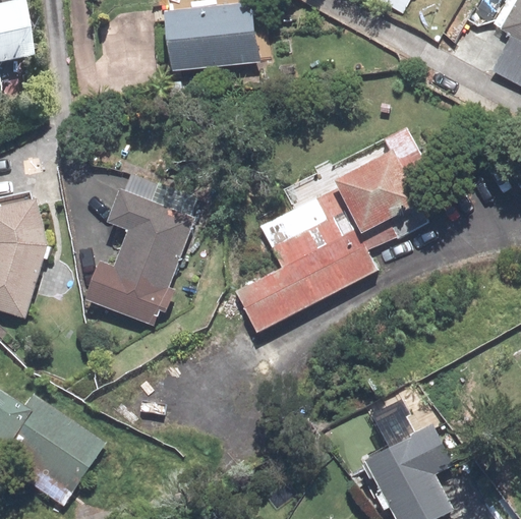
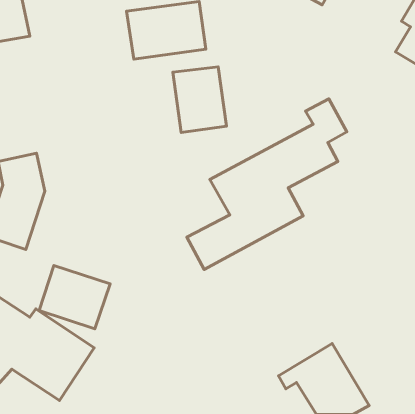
building: none -> [173,67,226,132]
building: [77,174,197,327] -> none
building: none -> [39,265,110,329]

